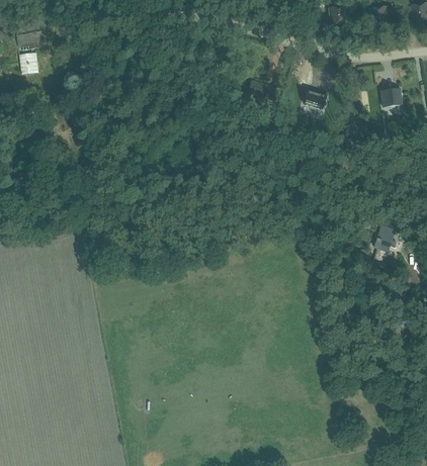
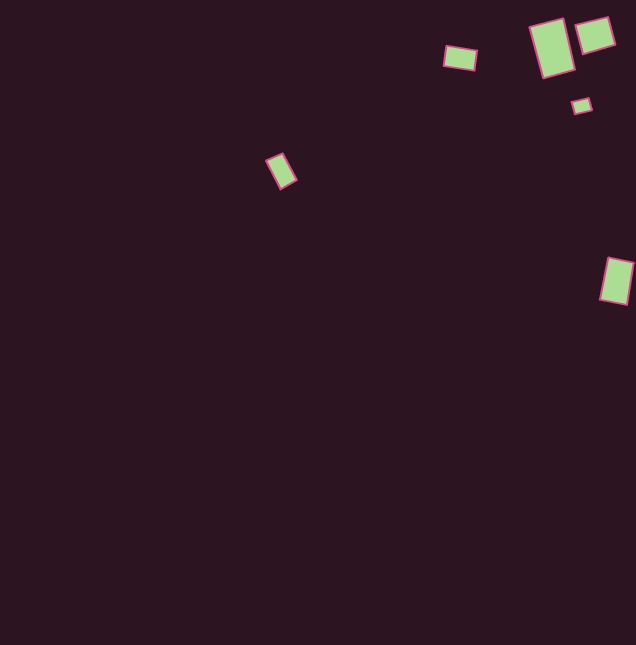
building: none -> [530,18,575,78]

